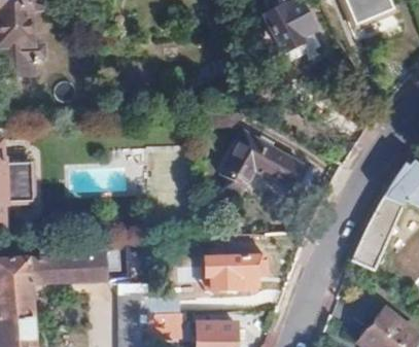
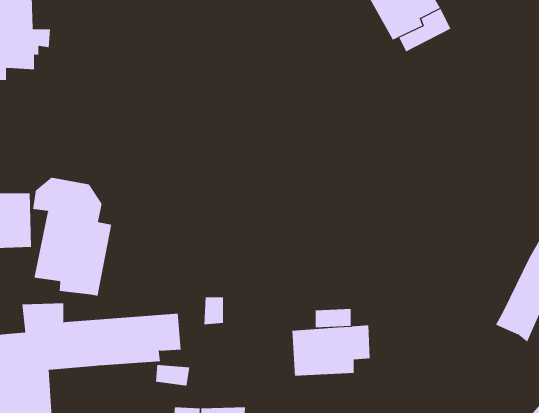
building: [222,134,303,197] -> none
building: none -> [33,177,112,296]

